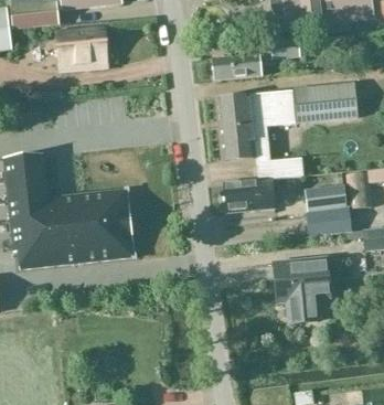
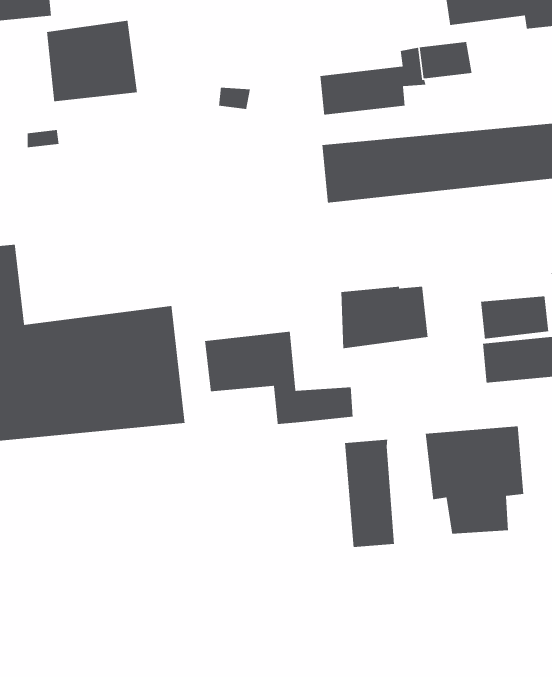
building: [216,125,302,179] -> [204,331,353,425]
building: none -> [344,439,395,548]

